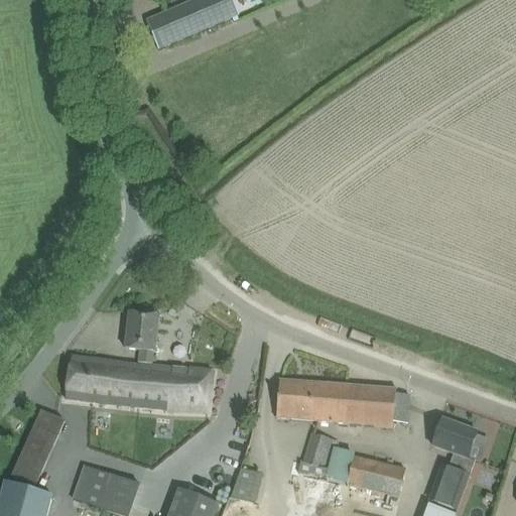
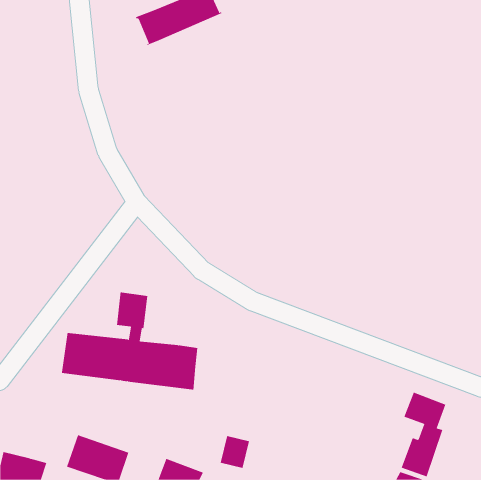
building: [276,378,396,427] -> none
building: [11,409,63,486] -> none
building: [302,433,338,472] -> none
building: [346,457,405,496] -> none

